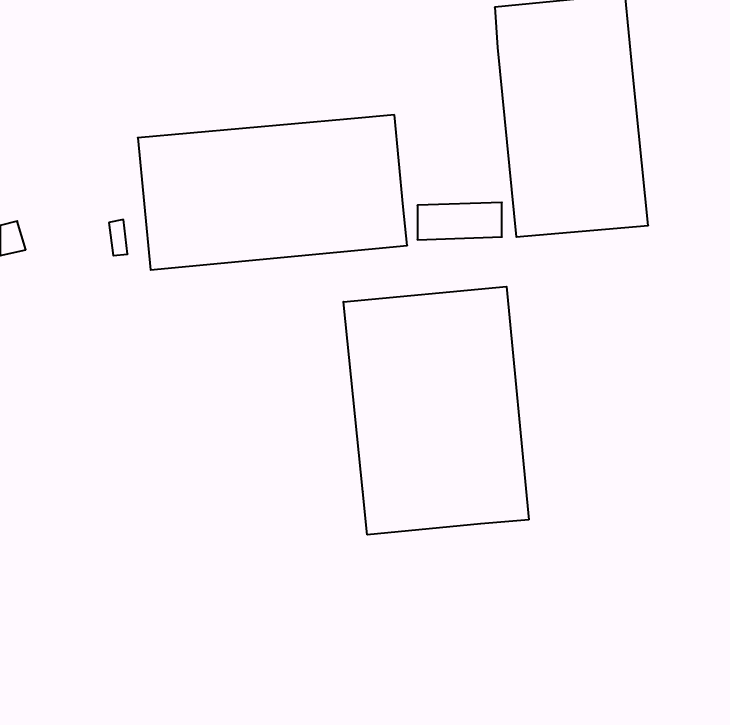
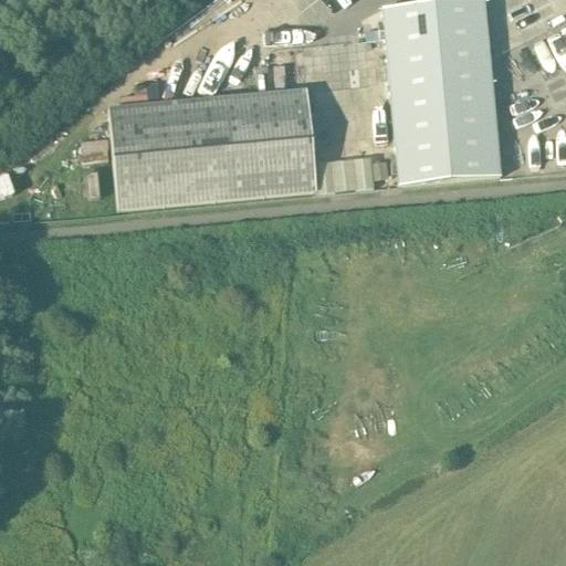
building: [343,287,529,535] -> none

